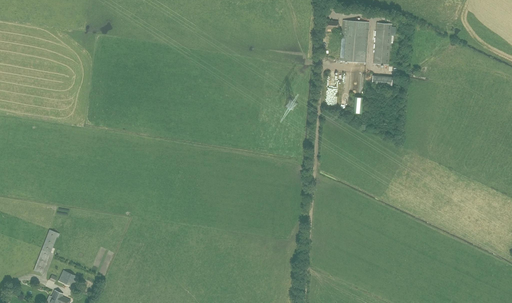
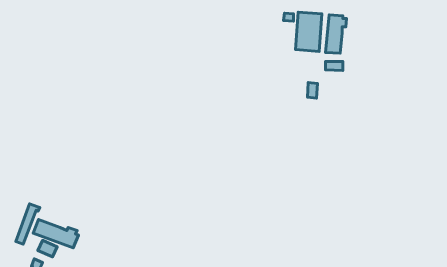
building: none -> [33,220,78,248]

